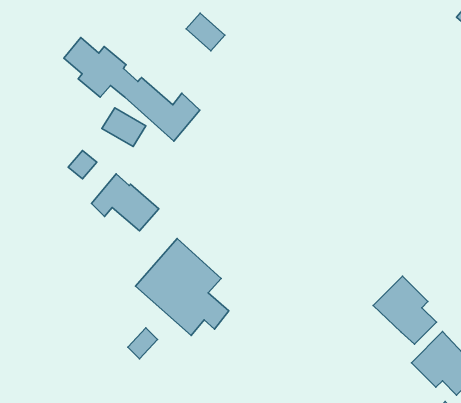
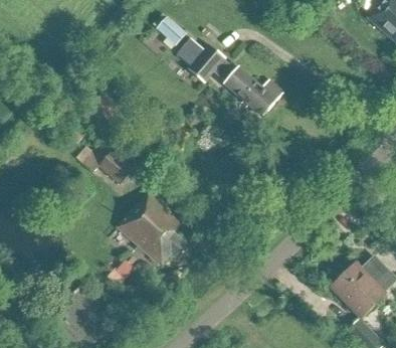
building: [64,38,200,141] -> [177,36,282,117]
building: [373,276,436,344] -> none

